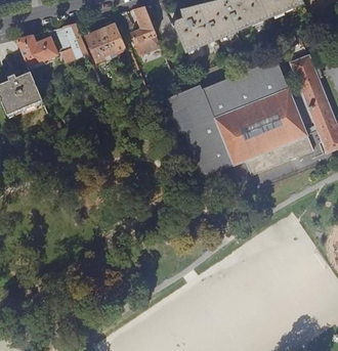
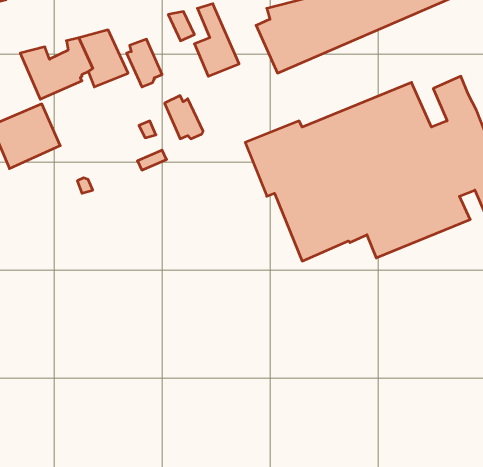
building: [100,25,126,53] -> [165,96,203,139]

